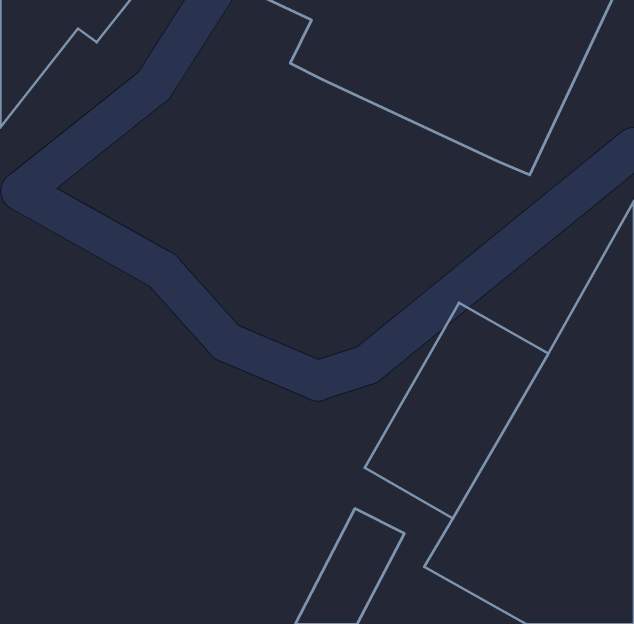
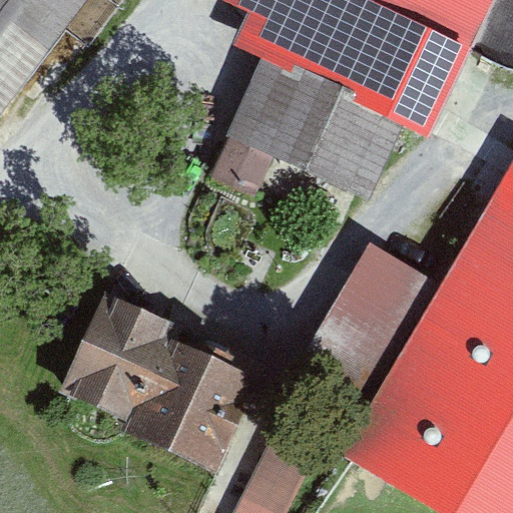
building: none -> [212,64,402,202]
building: none -> [63,289,254,467]

